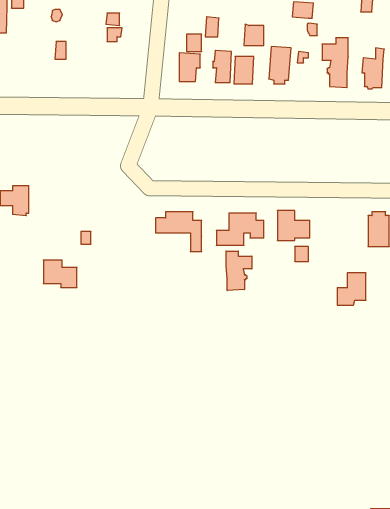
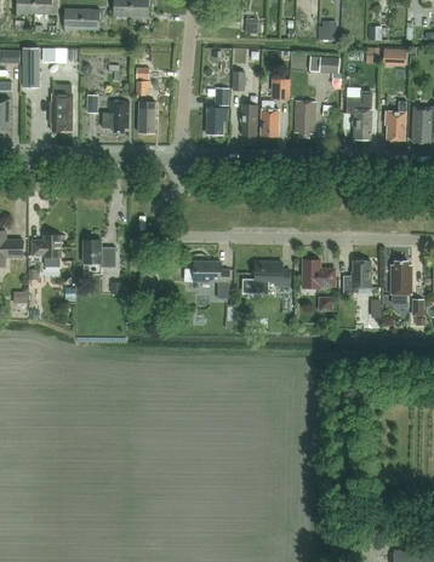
building: none -> [47,93,72,130]
building: none -> [137,97,155,132]
building: none -> [102,101,129,131]
building: [226,251,252,291] -> none
building: [43,260,77,287] -> [82,240,115,266]
building: [337,273,366,305] -> [342,260,370,292]

